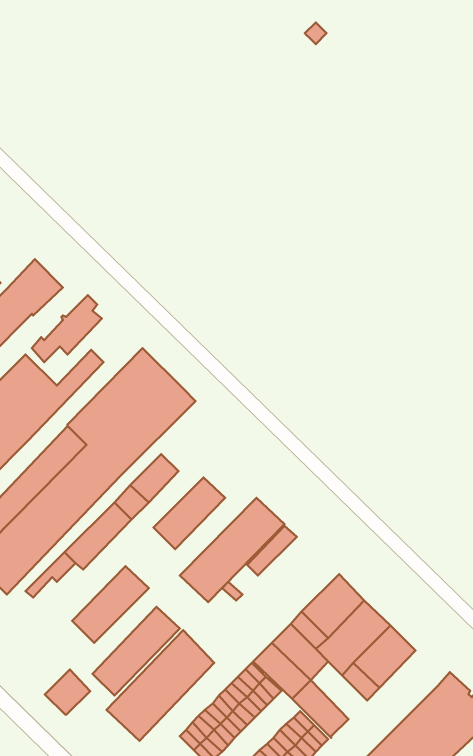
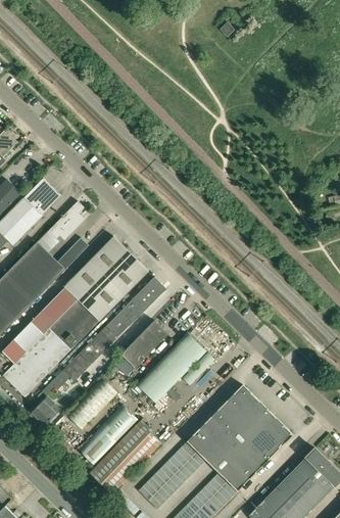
building: none -> [126,276,165,317]
building: none -> [224,441,260,479]
building: [45,669,90,715] -> [31,395,60,425]

